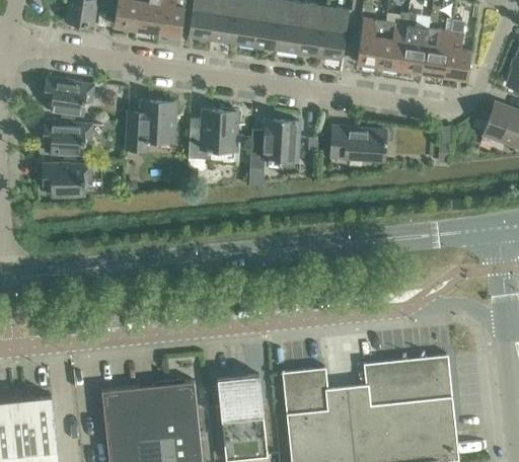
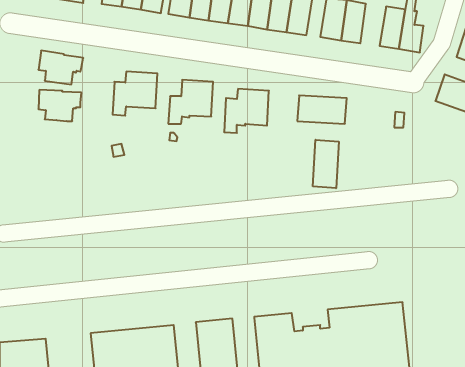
building: [400,26,429,73] -> none
building: [43,164,90,198] -> none
building: none -> [313,140,339,188]

